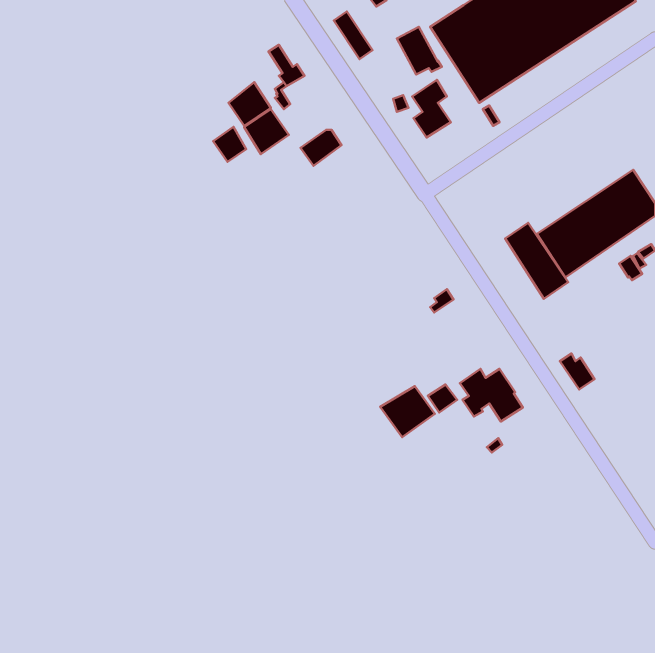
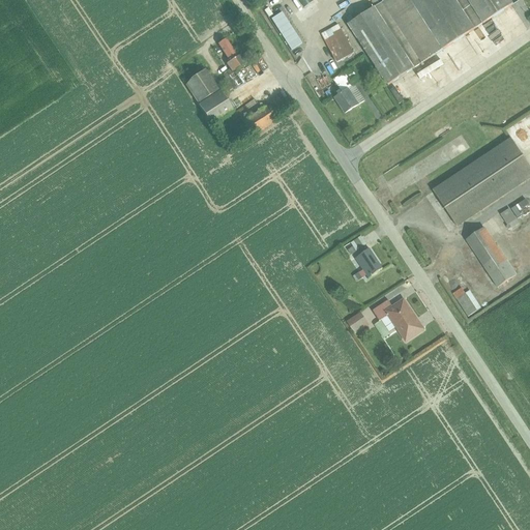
building: [213,127,246,162] -> none
building: [505,223,568,299] -> [465,225,516,286]
building: none -> [352,246,381,279]
building: [380,386,435,437] -> none

